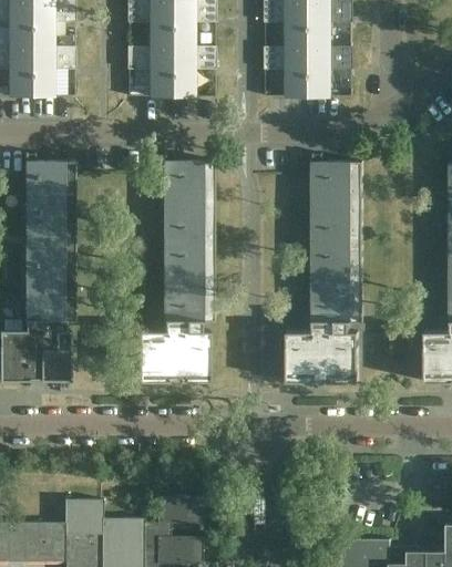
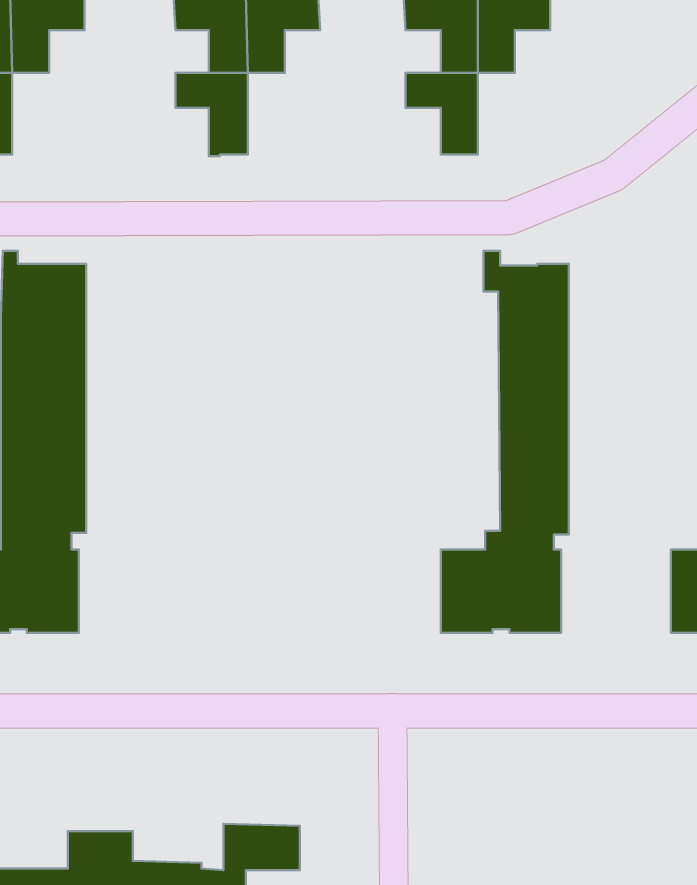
building: [24,48,68,97] -> none
building: [165,48,208,96] -> none
building: [302,48,346,97] -> none
building: [131,154,207,382] -> none

